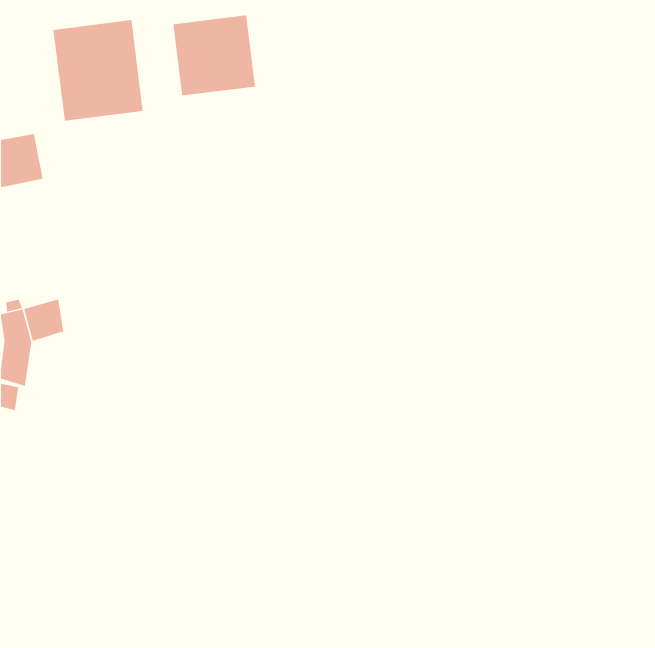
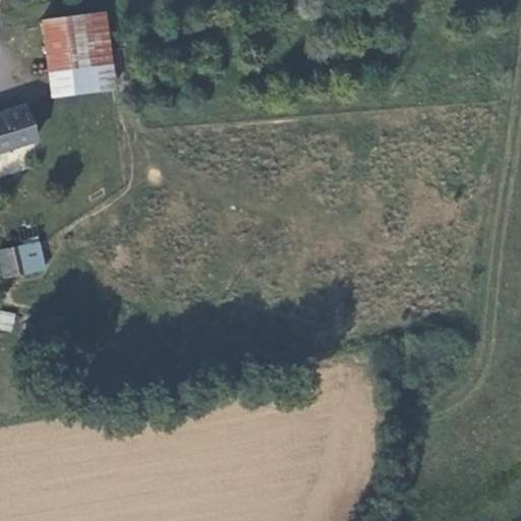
building: [172,15,256,96] -> none

